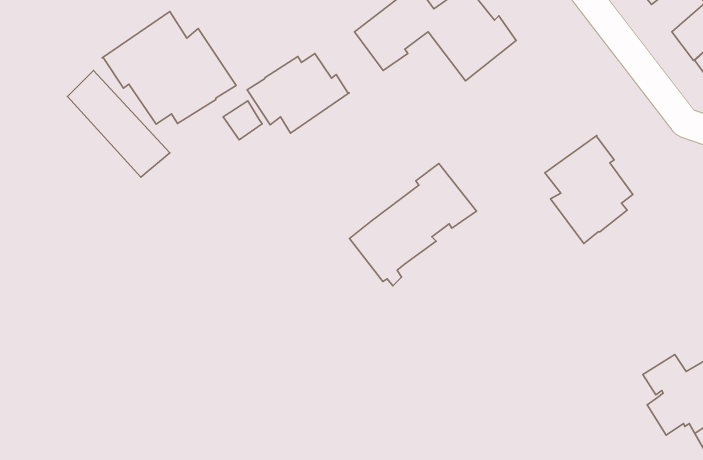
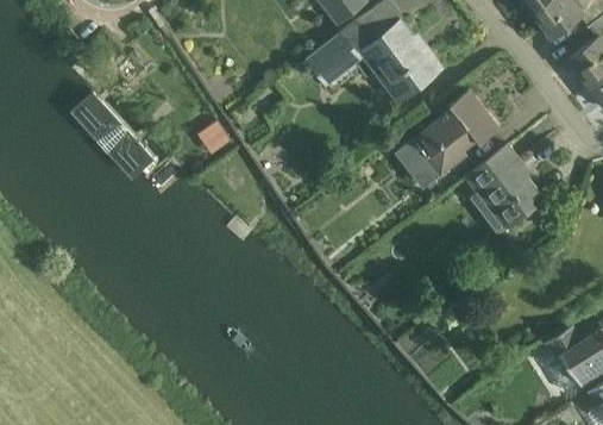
building: [102,11,236,124] -> none
building: [247,54,349,133] -> none
building: [350,163,476,286] -> [395,90,500,192]

